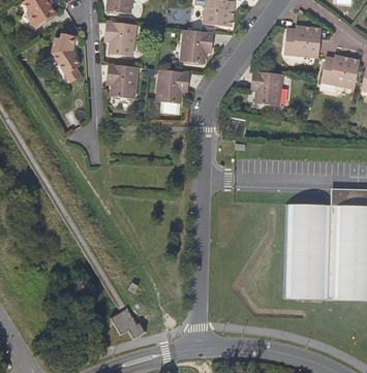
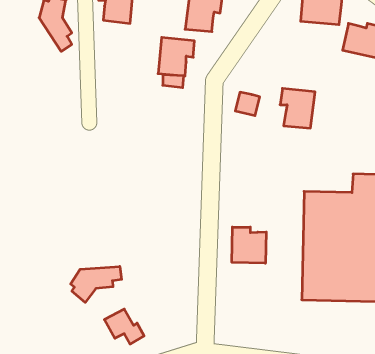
building: [108,63,139,97] -> none
building: [250,70,281,105] -> [280,88,315,128]
building: none -> [232,227,266,263]
building: none -> [71,266,122,302]

